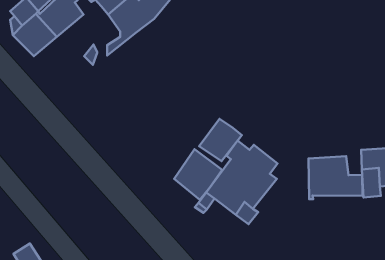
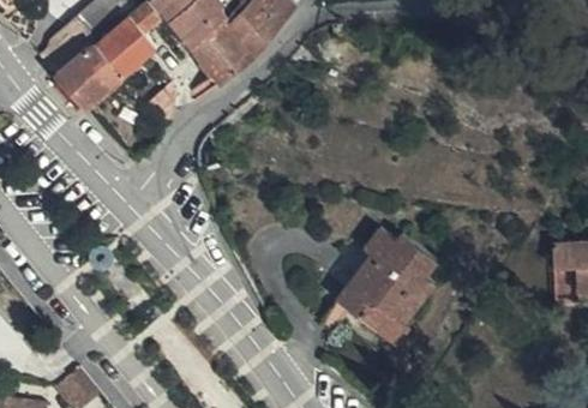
building: [199,119,242,161] -> none
building: [174,149,222,200] -> none
building: [308,156,363,199] -> none

